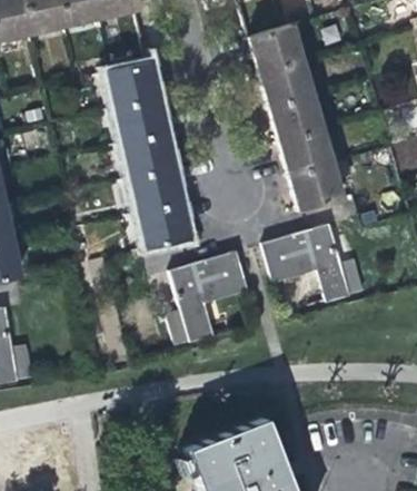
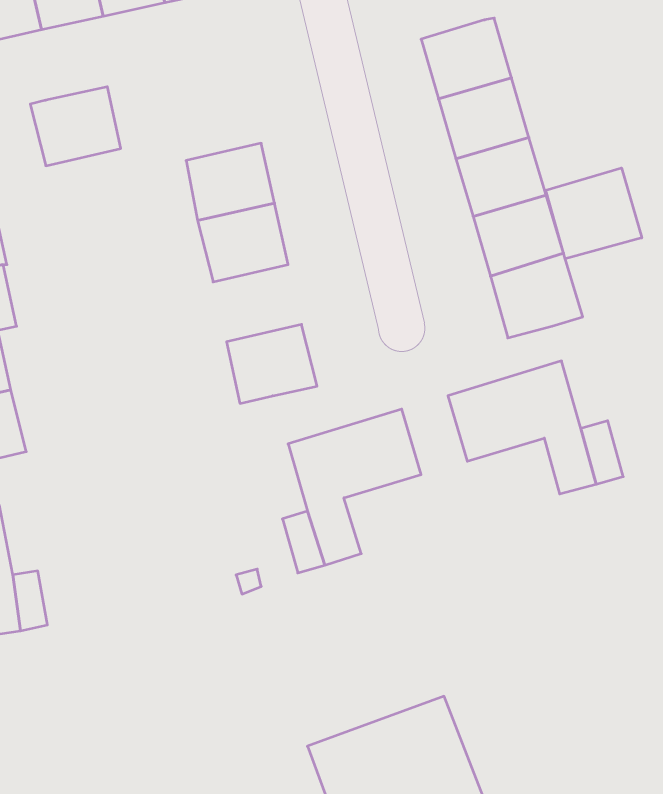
building: [106,62,158,108] -> [30,87,121,166]
building: none -> [546,168,642,259]
building: [130,168,181,213] -> none

